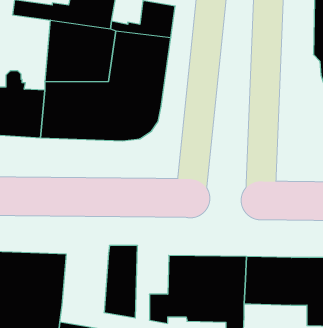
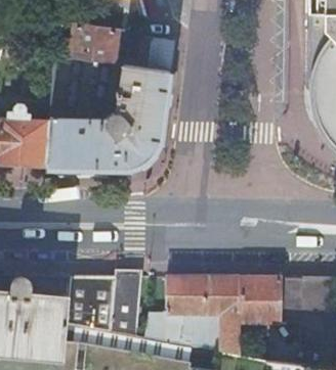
building: none -> [69,276,113,332]

